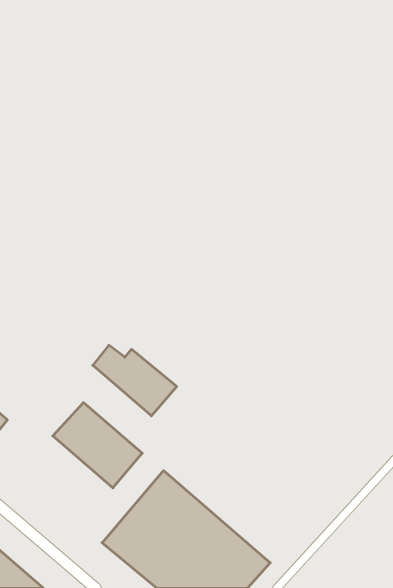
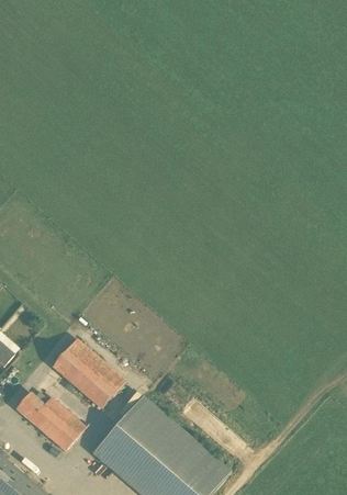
building: [93,345,177,416] -> [16,393,86,451]

